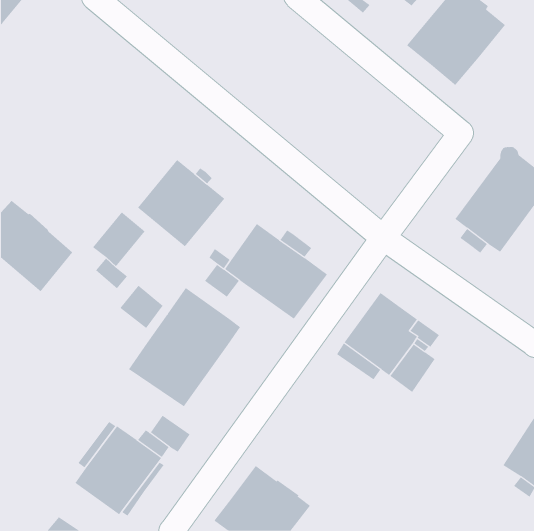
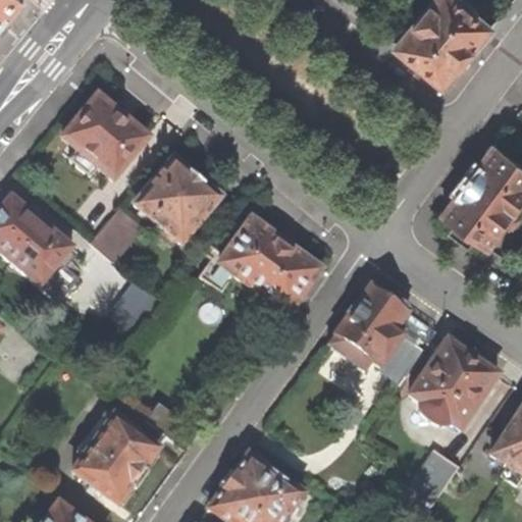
building: none -> [62,94,148,176]
building: [128,287,241,407] -> none
building: none -> [410,340,498,428]
building: none -> [409,450,460,505]

